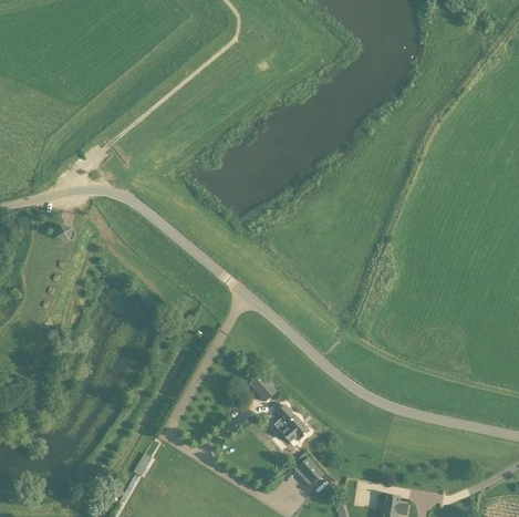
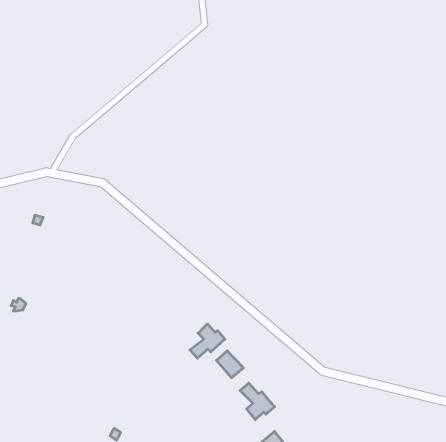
building: none -> [190,324,225,358]

